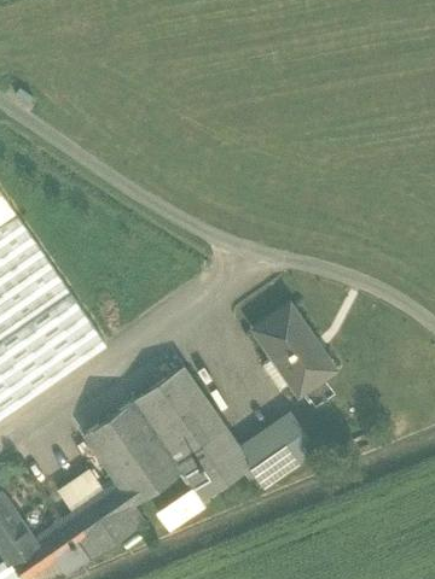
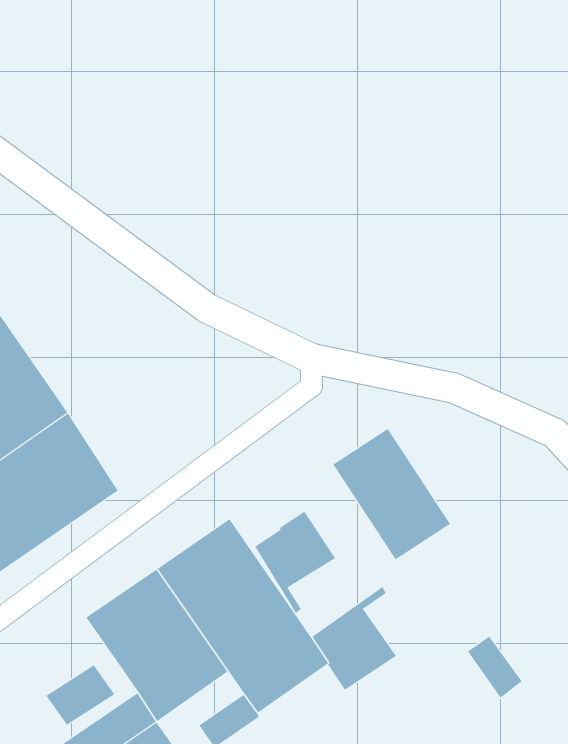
building: none -> [254,511,336,614]
building: [276,420,314,463] -> [467,636,523,698]

